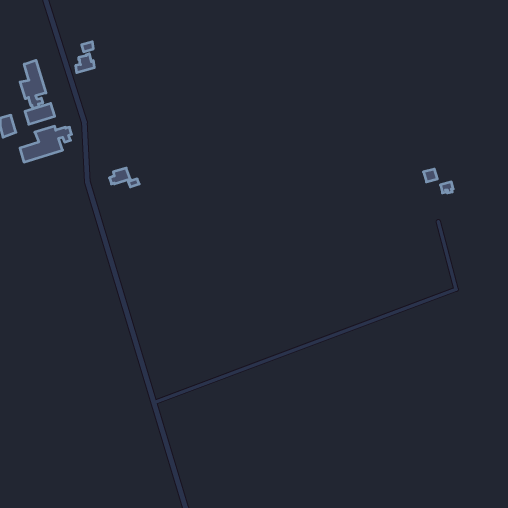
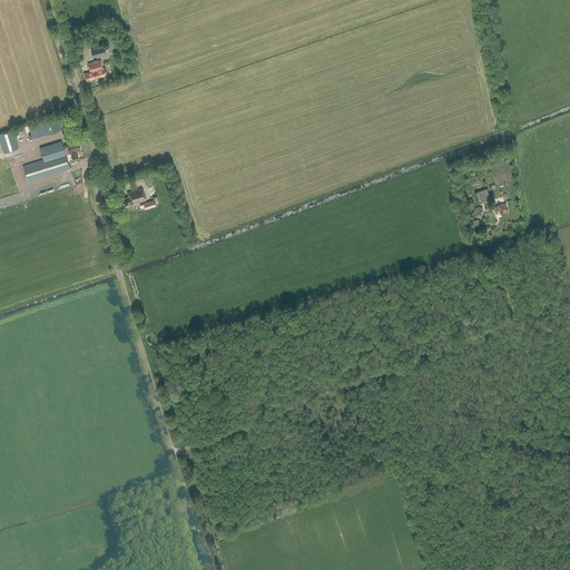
building: [20,60,46,109] -> none

